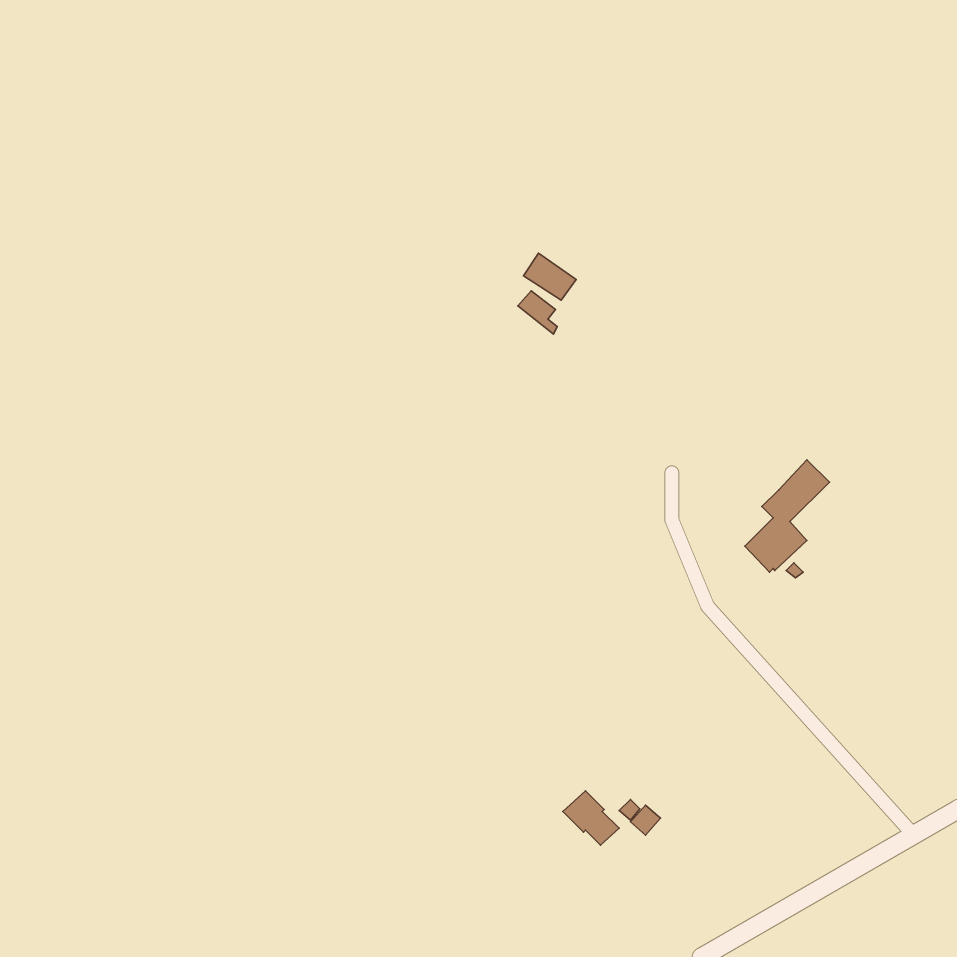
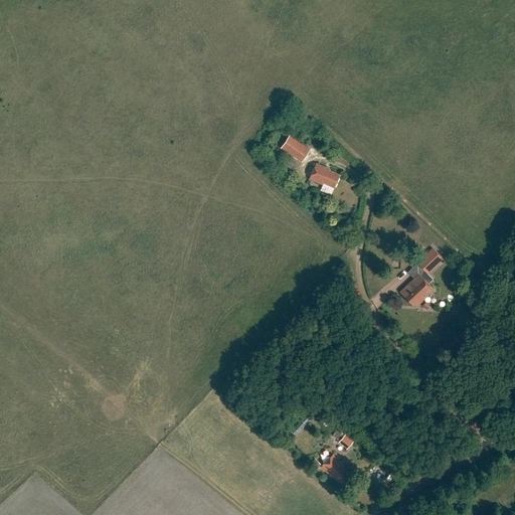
building: none -> [309,163,339,187]
building: [563,791,619,845] -> [321,454,351,483]

